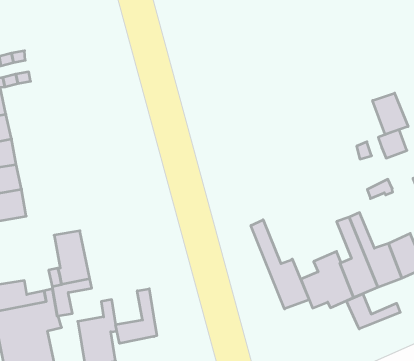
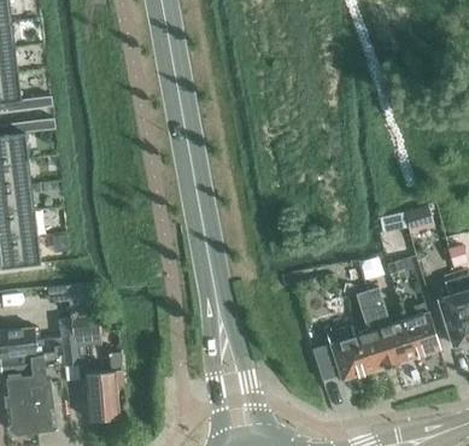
building: [373,93,408,135] -> none
building: [251,220,309,309] -> none
building: [116,289,157,343] -> none
building: [346,294,400,329] -> none

